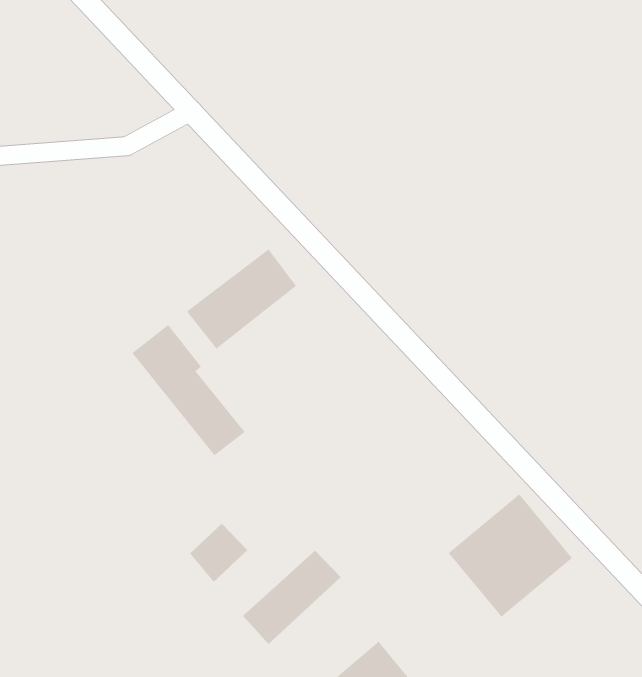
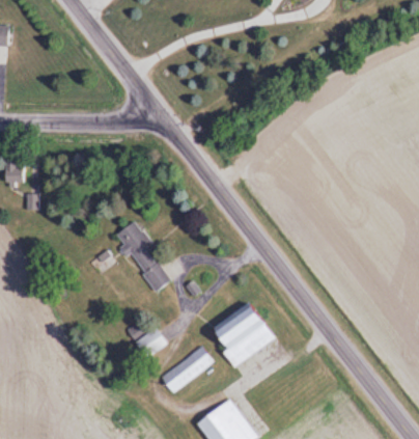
building: [186,248,297,350] -> none
building: [448,493,573,618] -> [208,303,274,367]

